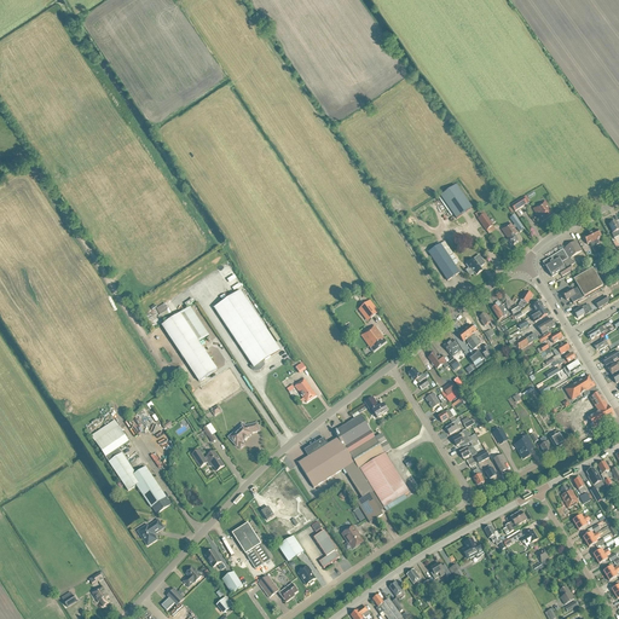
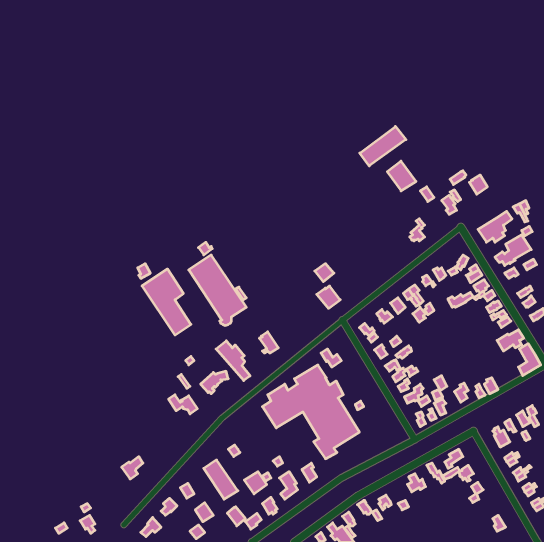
building: none -> [360,126,406,166]
building: [428,239,459,278] -> none
building: none -> [216,341,250,381]
building: [91,417,170,513] -> none

